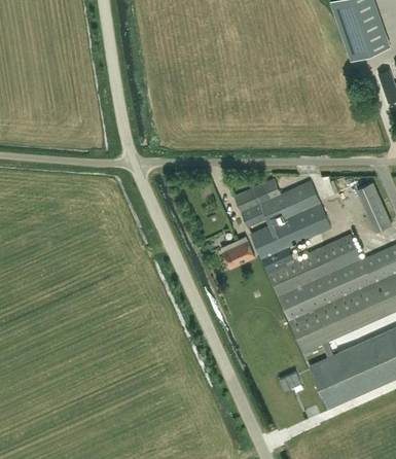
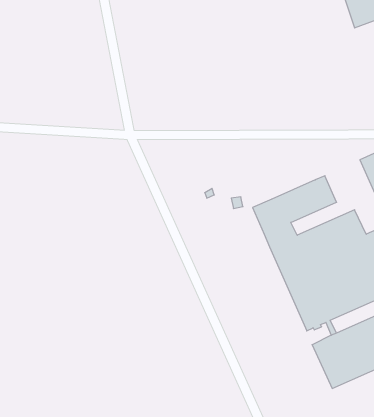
building: [235,180,321,228] -> none
building: [221,238,255,270] -> none

